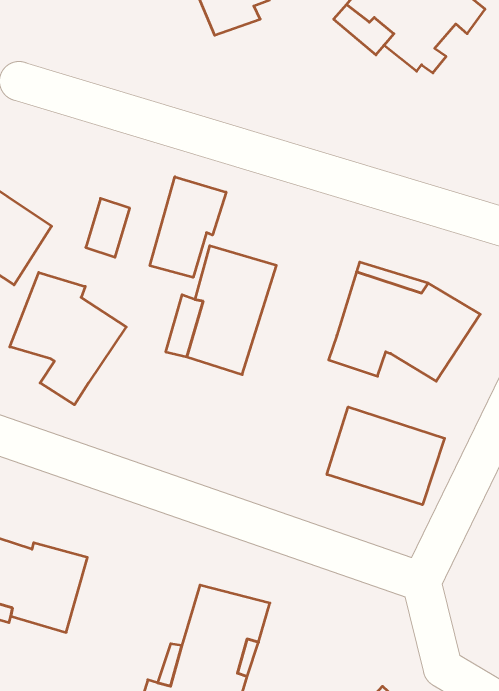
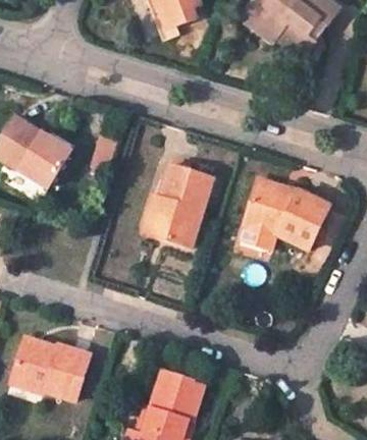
building: [150,177,226,277] -> none
building: [10,272,126,405] -> none
building: [327,407,445,505] -> none

